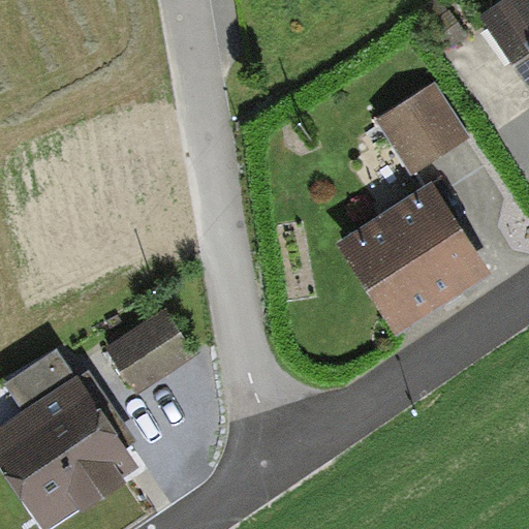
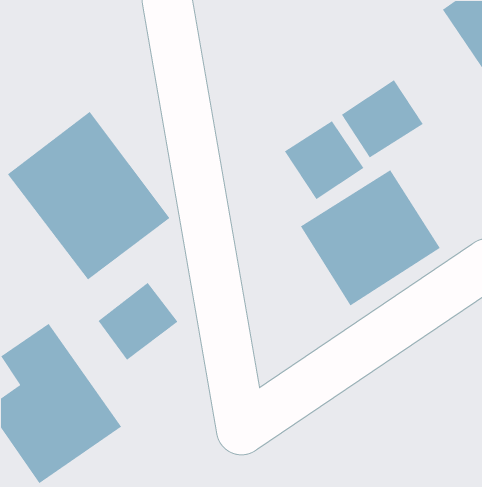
building: none -> [7,111,171,281]
building: none -> [284,120,365,200]

